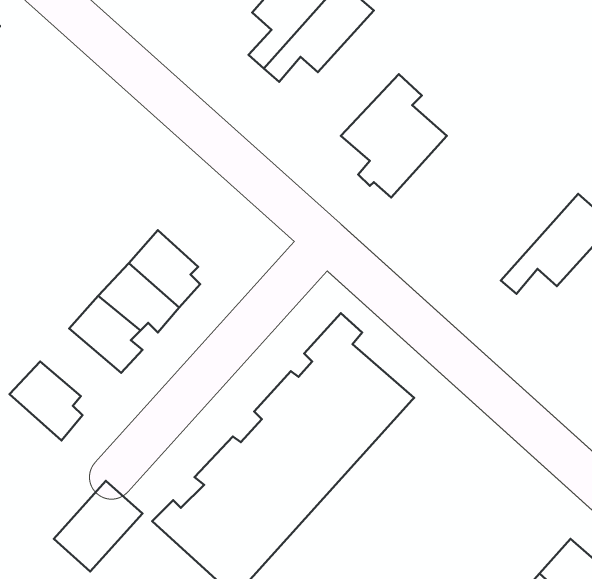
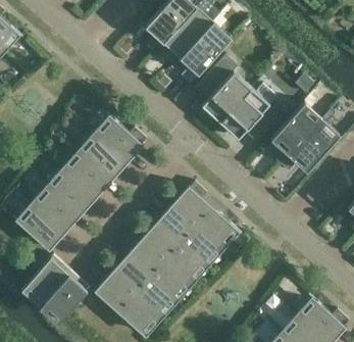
building: none -> [181,21,225,84]
building: none -> [221,88,287,143]
building: none -> [271,102,320,164]
building: none -> [98,119,146,157]
building: none -> [36,190,79,227]
building: none -> [26,255,70,301]

